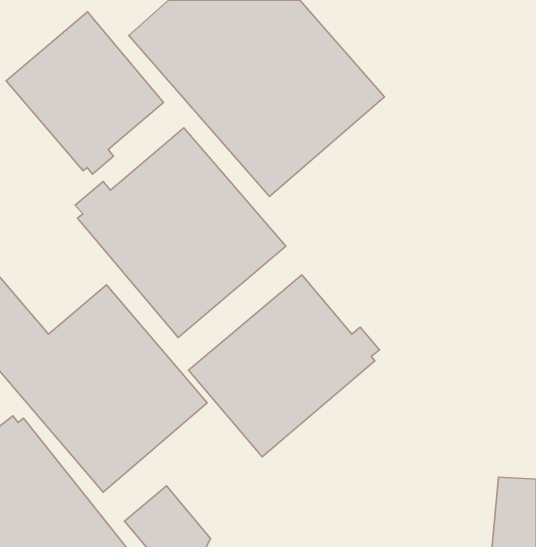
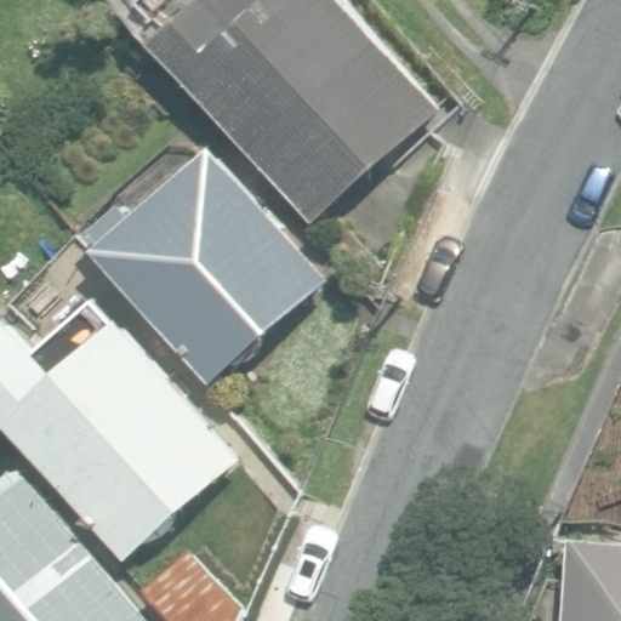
building: [6,12,163,174] -> none
building: [189,275,380,457] -> none

